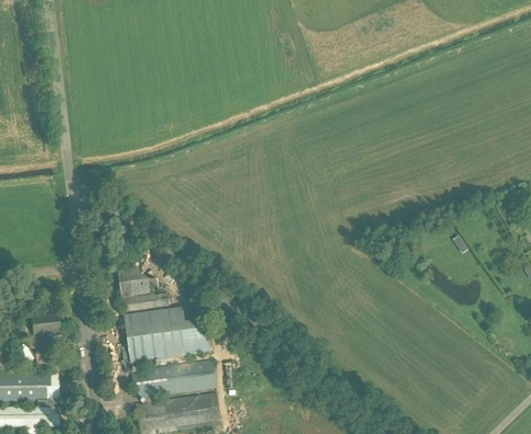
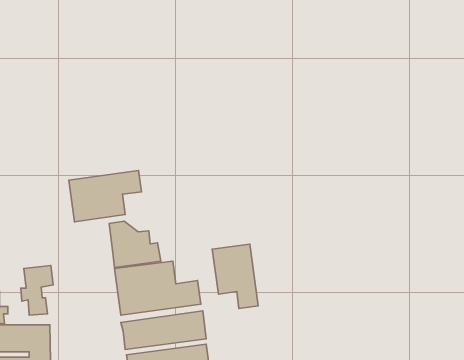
building: none -> [69,171,142,222]
building: none -> [212,244,258,308]

